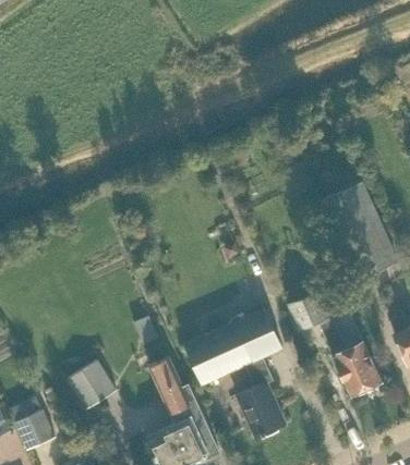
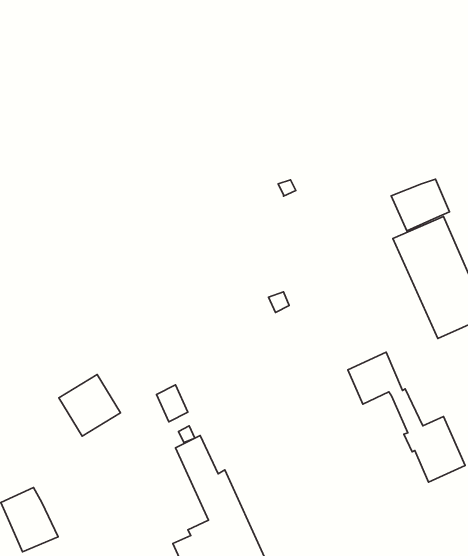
building: none -> [391,179,450,231]
building: [183,308,285,437] -> none
building: [67,359,116,408] -> [59,375,120,436]

